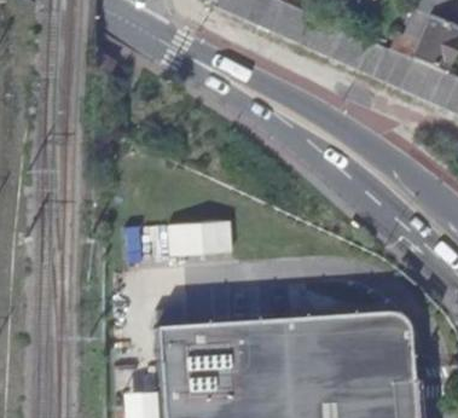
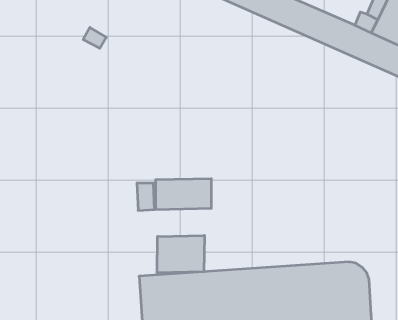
building: none -> [157,235,204,273]

